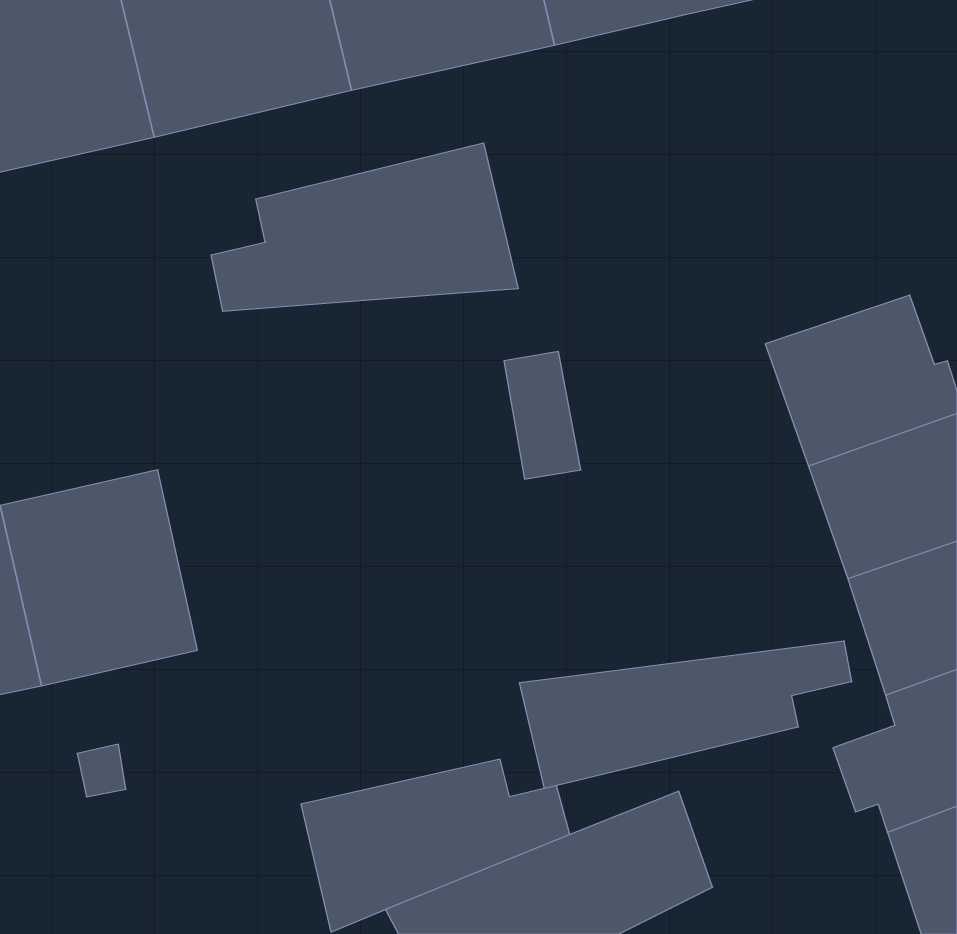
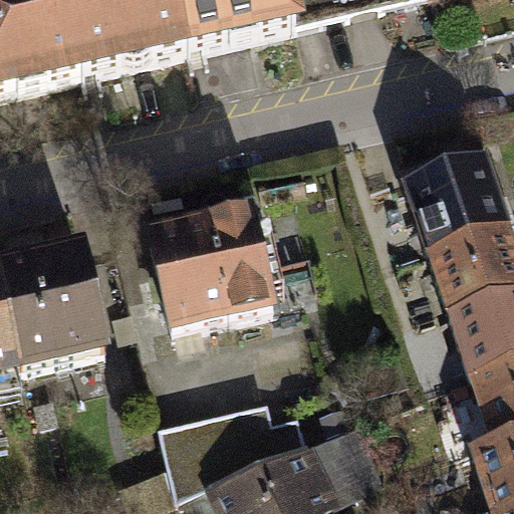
building: [211,143,518,311] -> none
building: none -> [149,212,273,330]
building: [519,641,852,788] -> none

